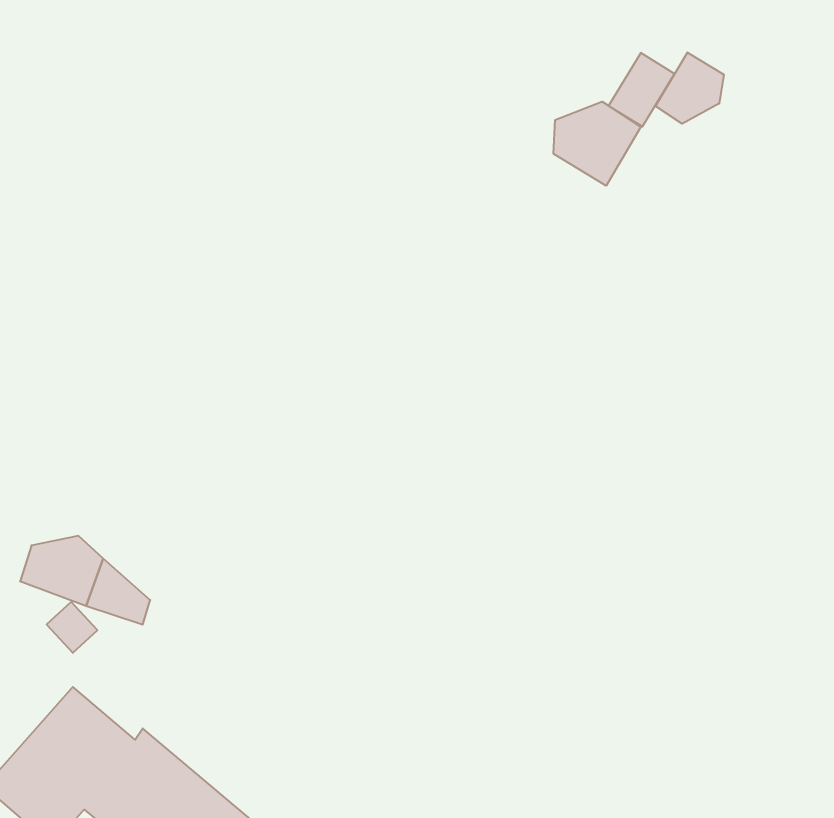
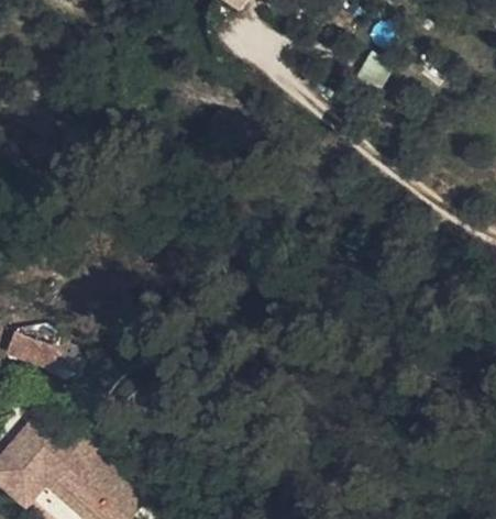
building: [655,52,724,124] -> none
building: [553,102,641,186] -> none

